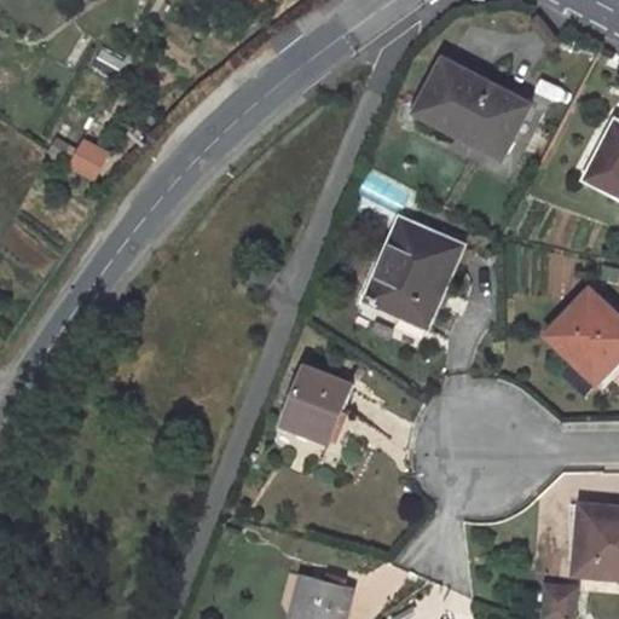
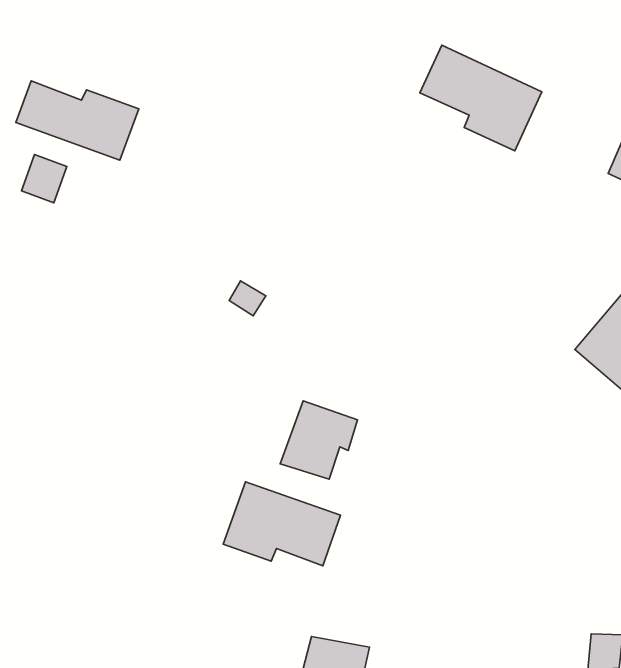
building: none -> [16,81,139,160]
building: [370,219,462,326] -> none
building: none -> [223,482,341,566]

